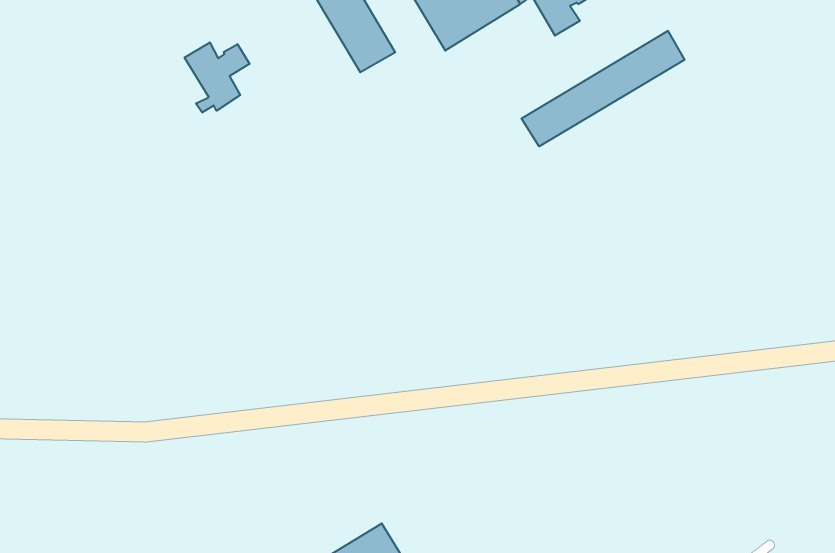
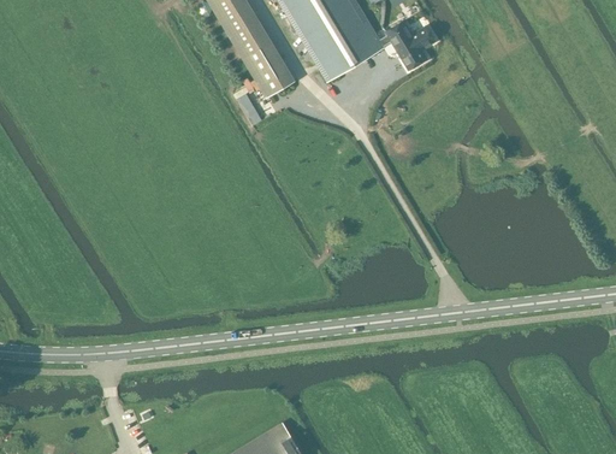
building: [522,31,684,146] -> none
building: [185,42,250,113] -> none

